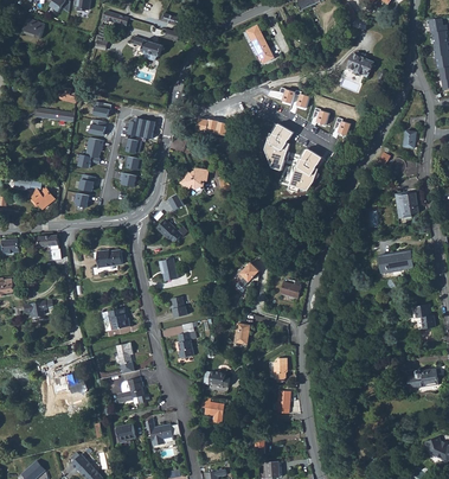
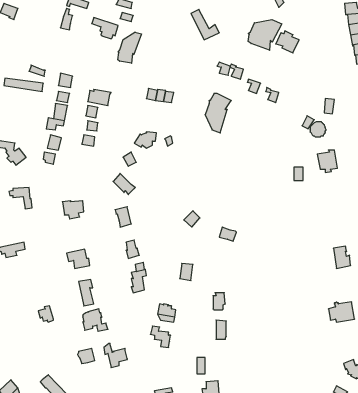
building: none -> [248,20,282,50]
building: none -> [118,32,141,63]
building: [288,148,321,192] -> none
building: [378,250,412,272] -> none

